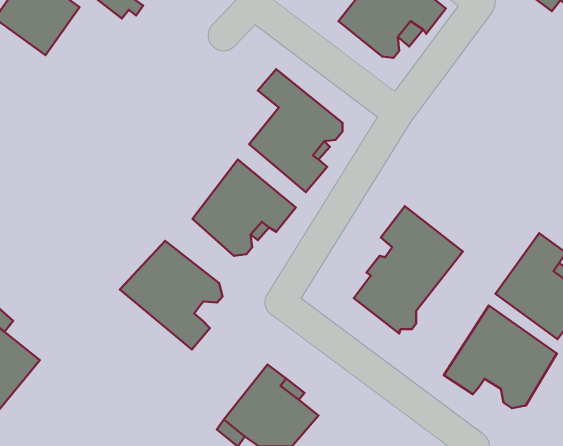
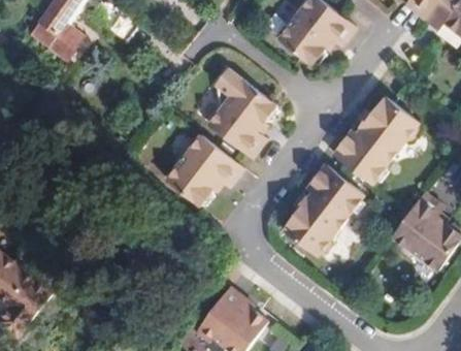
building: none -> [333,102,425,189]
building: [120,241,223,349] -> none
building: [444,306,557,408] -> none

